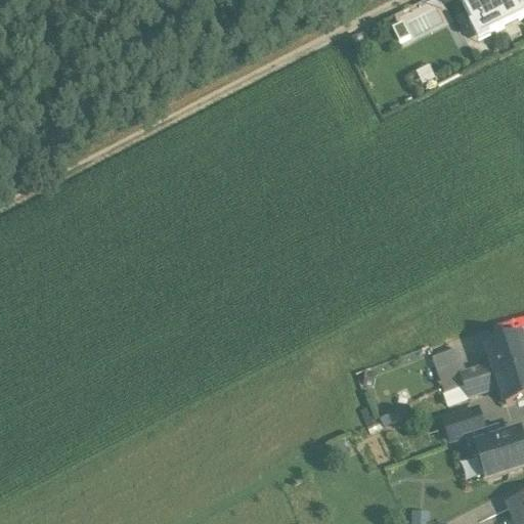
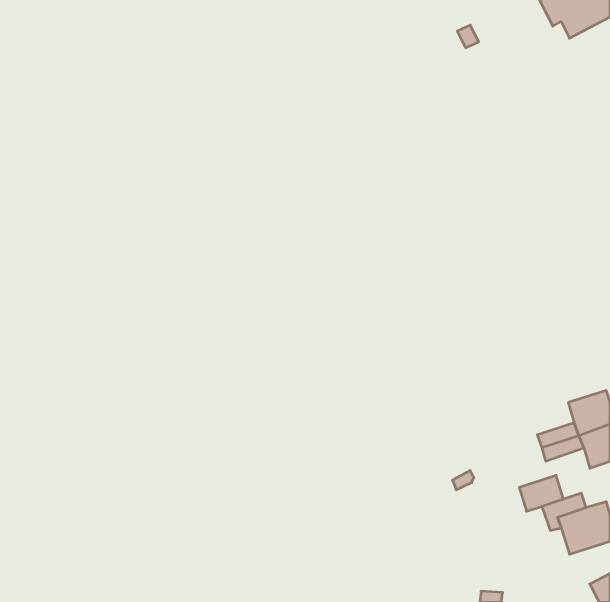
building: [432,347,465,391] -> none

